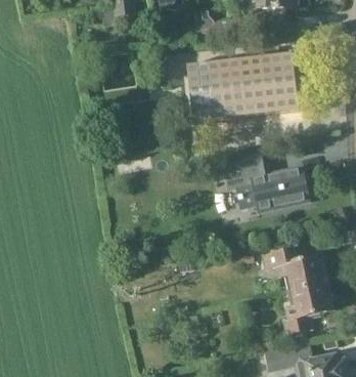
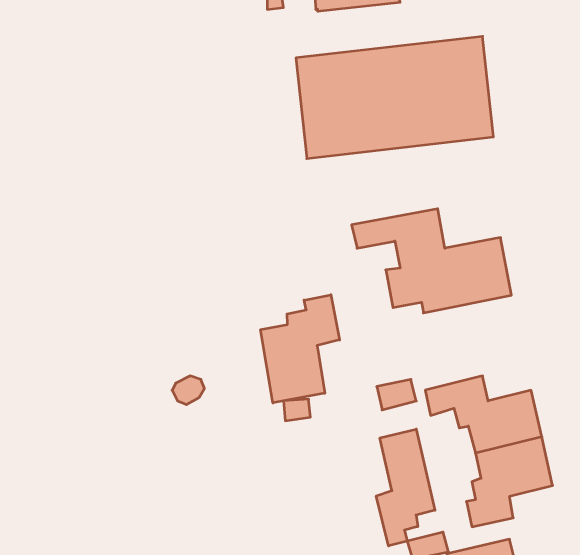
building: none -> [261,295,340,403]
building: none -> [376,429,435,546]

